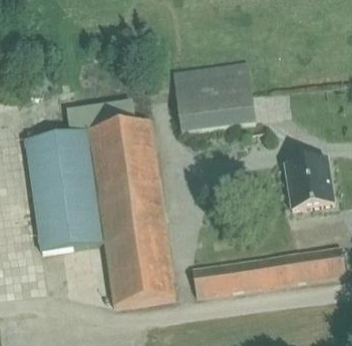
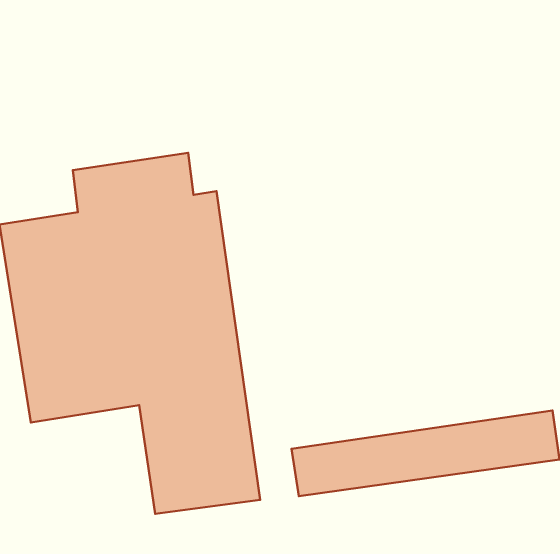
building: [173,61,255,132] -> none
building: [285,158,334,210] -> none

